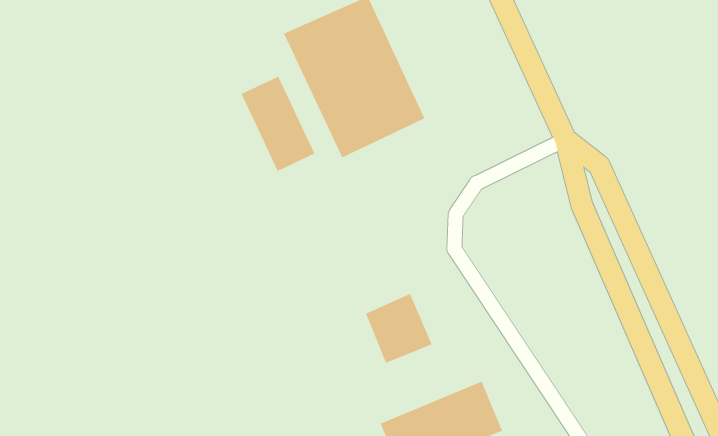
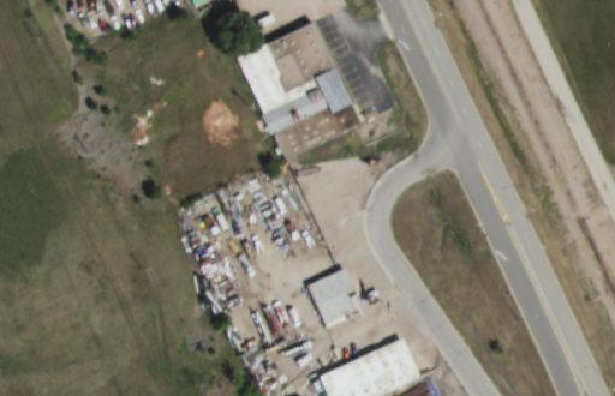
building: [241,76,315,172] -> none

